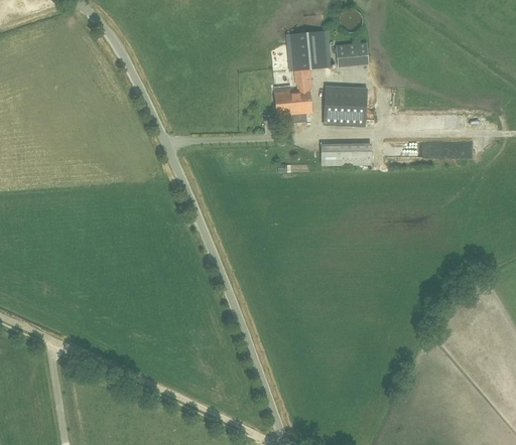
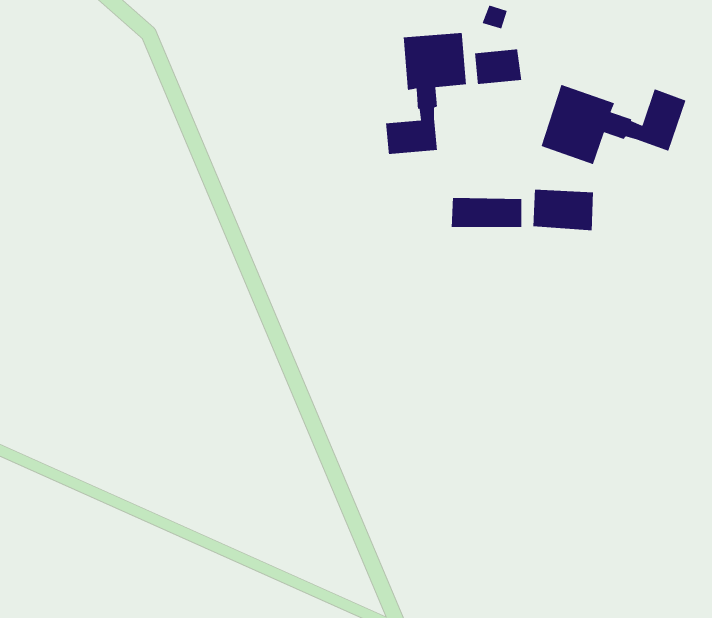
building: none -> [540,84,687,165]
building: [324,96,366,125] -> [533,189,594,231]

